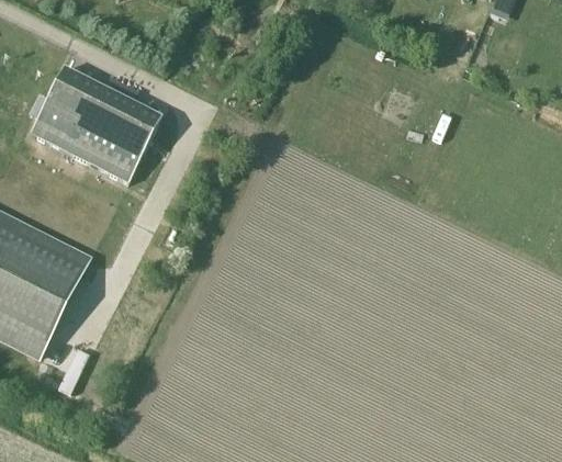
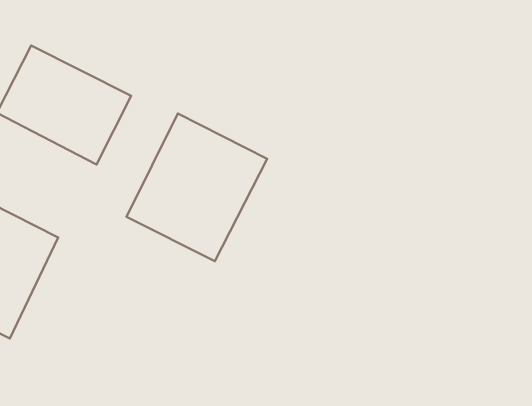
building: none -> [127,114,267,261]

